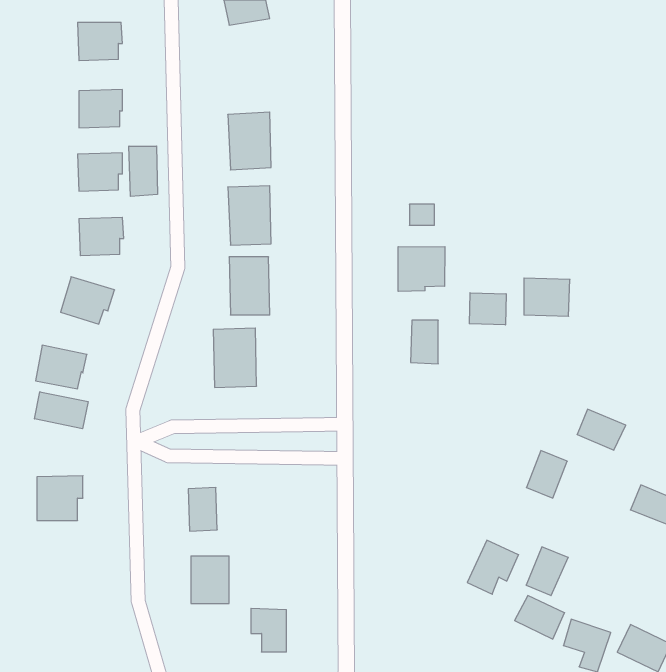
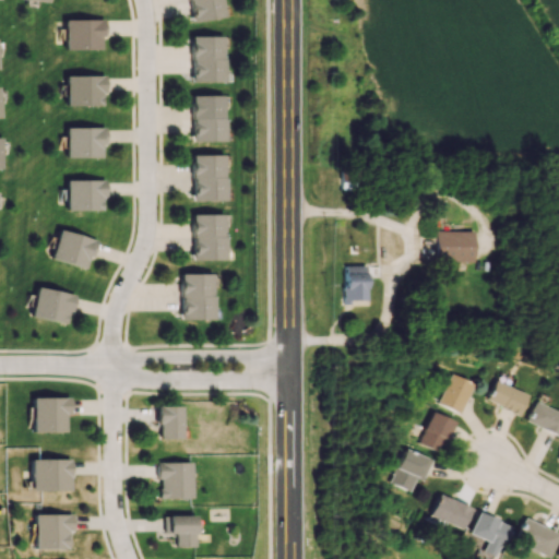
building: none -> [194,36,228,82]
building: [129,146,157,196] -> none
building: [398,247,445,291] -> none
building: [469,293,506,325] -> none
building: [35,392,88,429] -> none
building: [577,409,626,450] -> [490,382,531,416]
building: [526,547,568,596] -> [423,413,457,453]
building: none -> [36,459,74,490]
building: [251,608,286,652] -> [169,514,199,550]
building: none -> [39,513,76,549]

